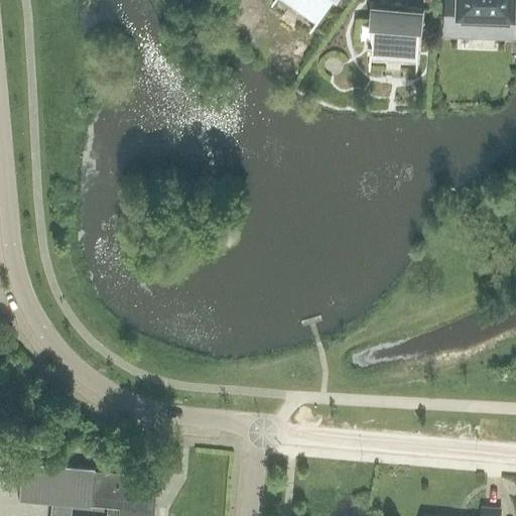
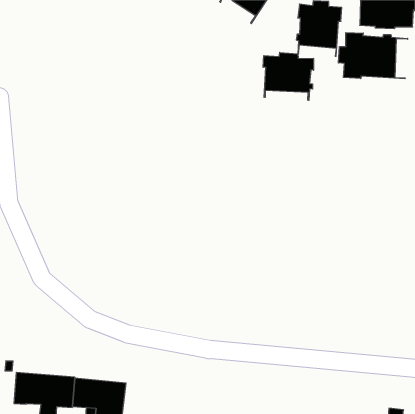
building: none -> [338,33,408,79]
building: none -> [263,52,314,100]

